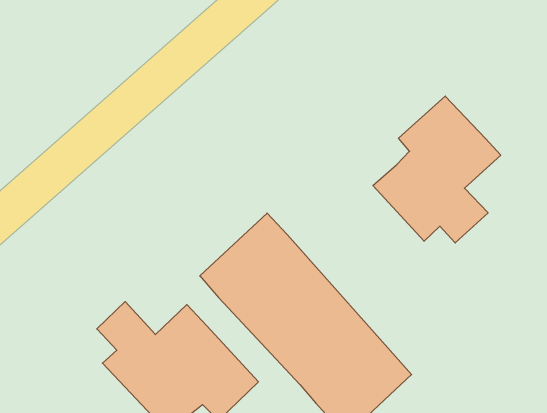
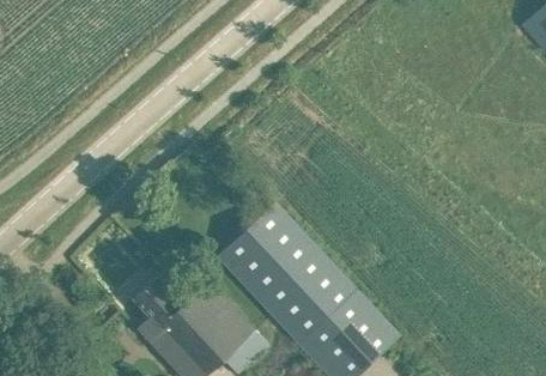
building: [373,96,501,243] -> none

